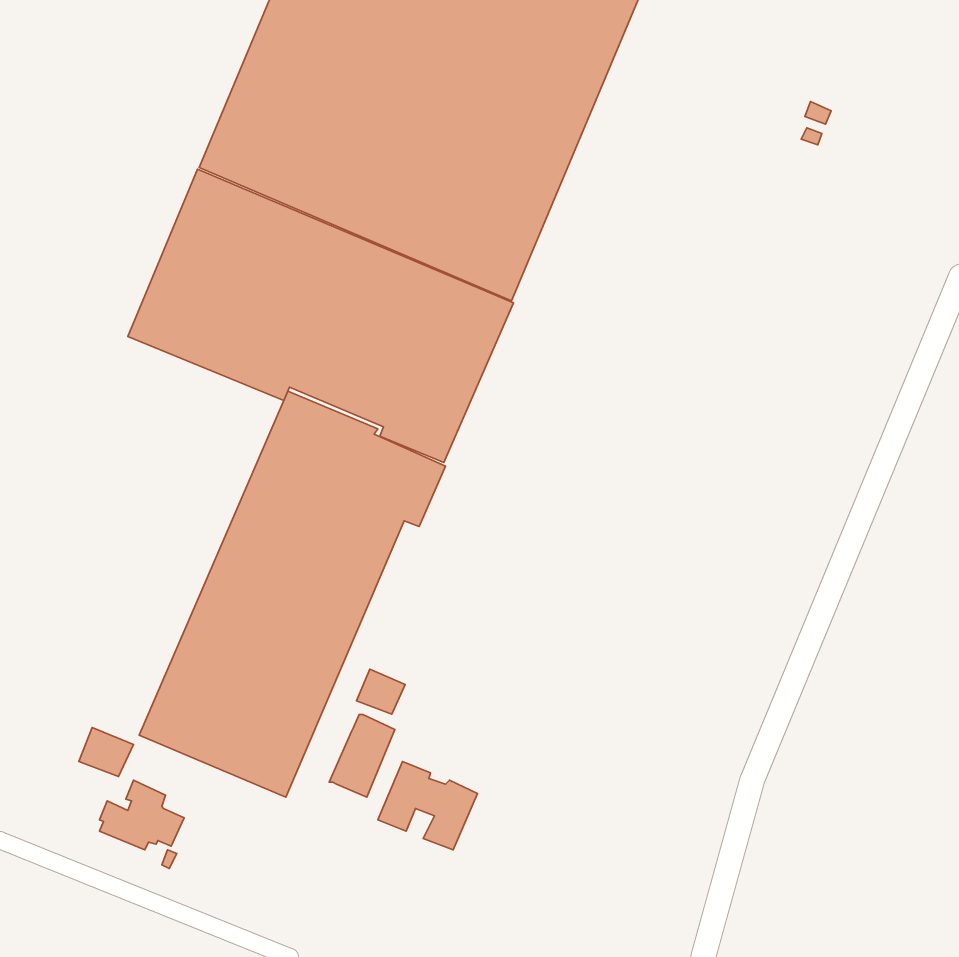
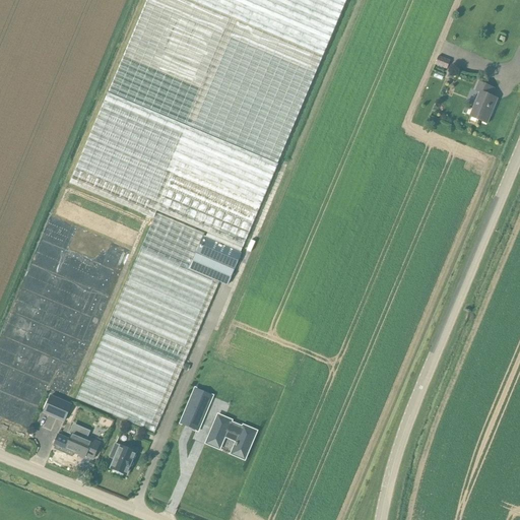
building: none -> [470,80,498,122]
building: [356,669,405,714] -> none
building: none -> [111,442,136,474]

